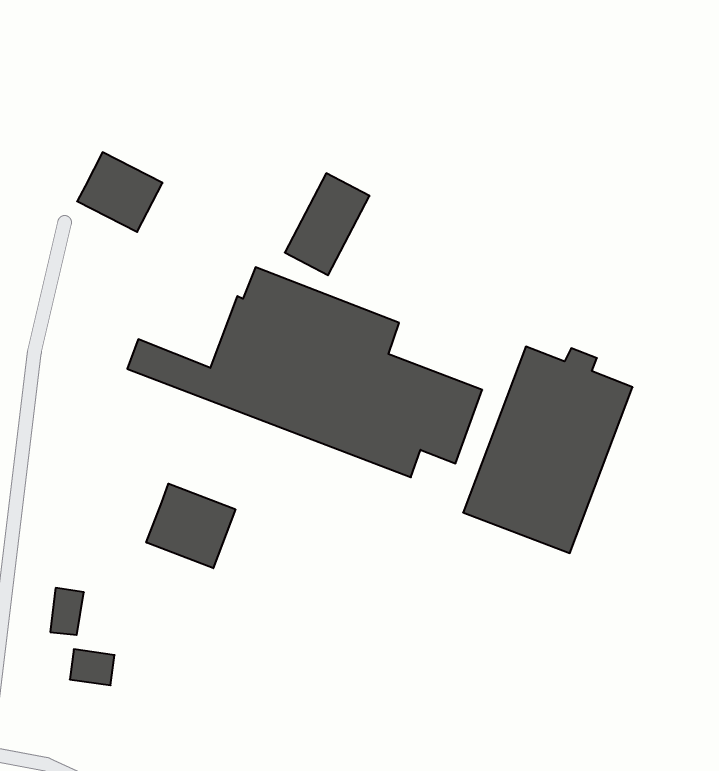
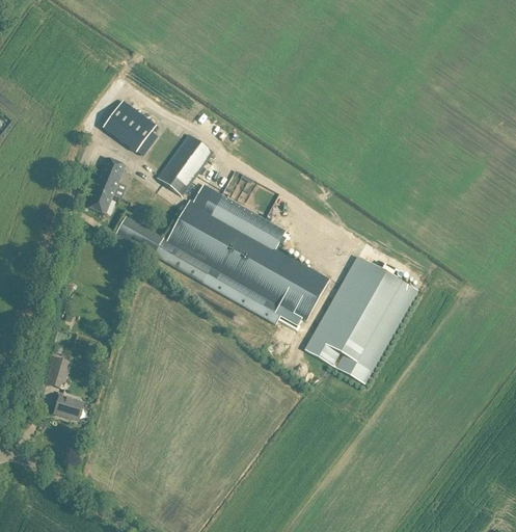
building: [285,173,370,275] -> [157,135,213,196]
building: none -> [86,158,124,214]
building: [146,484,235,568] -> none

